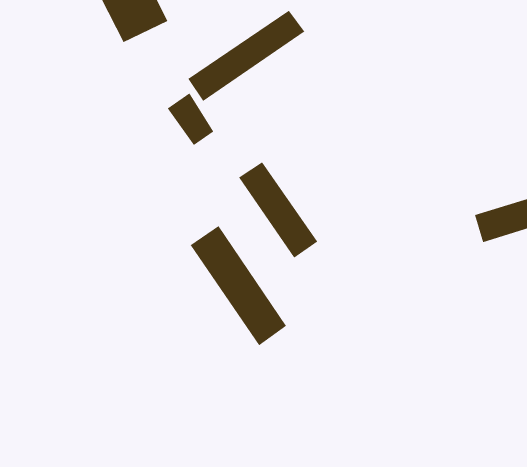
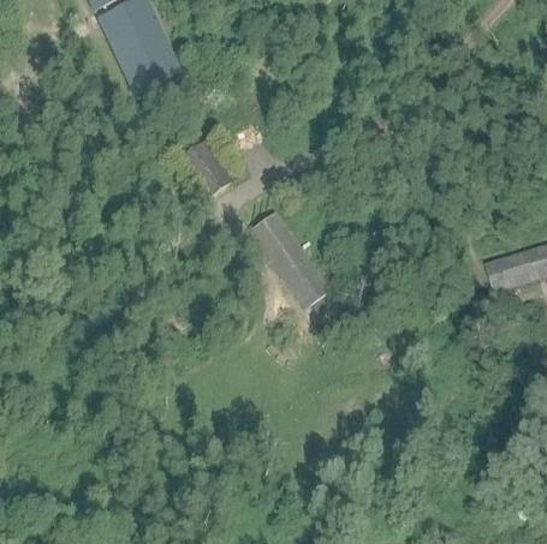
building: [188,10,305,102] -> none
building: [190,225,287,346] -> none

